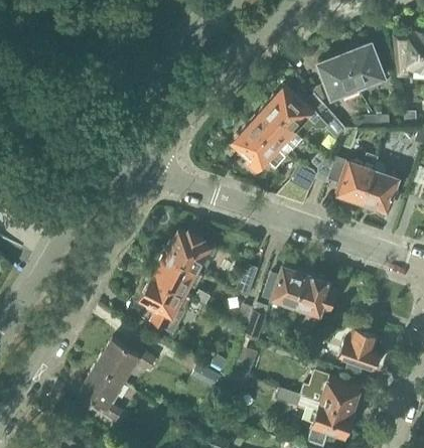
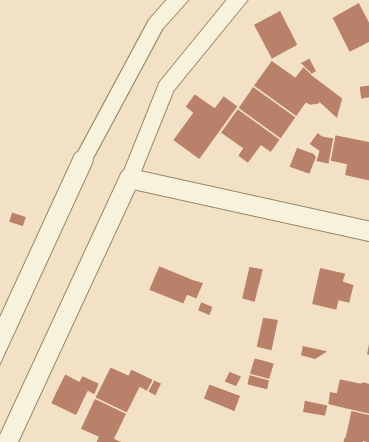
building: [318,53,357,97] -> [253,10,298,60]
building: none -> [172,93,239,160]
building: [166,230,218,275] -> none
building: [263,264,308,318] -> none
building: [139,275,192,333] -> none
building: none -> [50,374,100,416]

